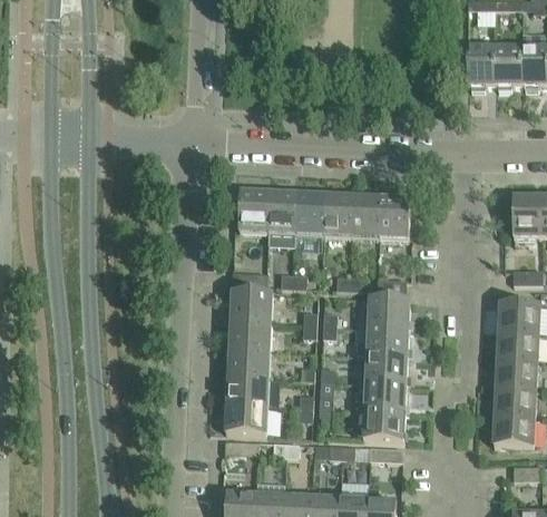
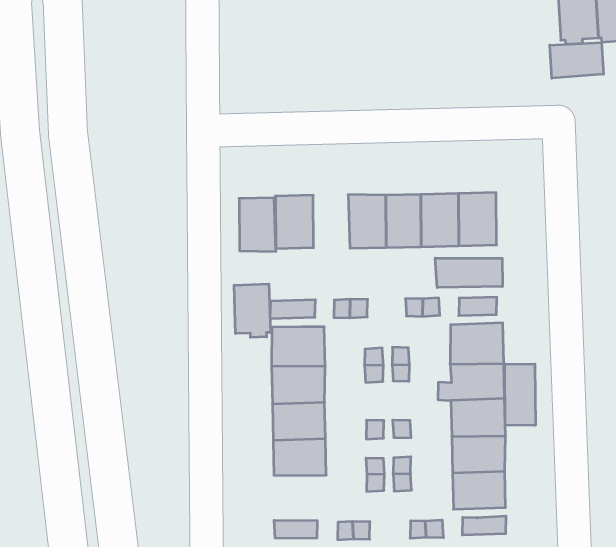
building: none -> [550,42,603,78]
building: [267,192,296,234] -> [239,198,276,251]
building: none -> [435,258,502,288]
building: none -> [234,284,270,337]
building: none -> [505,364,535,425]
building: [224,404,266,435] -> none

